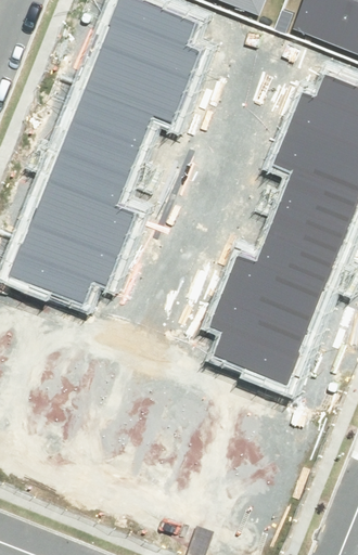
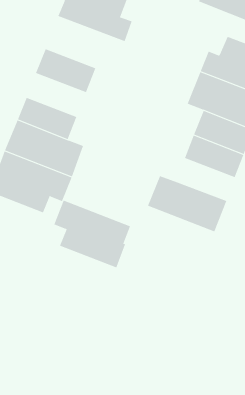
building: [86,46,191,122] -> none
building: [61,120,140,178] -> none
building: [257,232,336,288] -> none
building: [207,295,309,385] -> [53,200,131,268]

